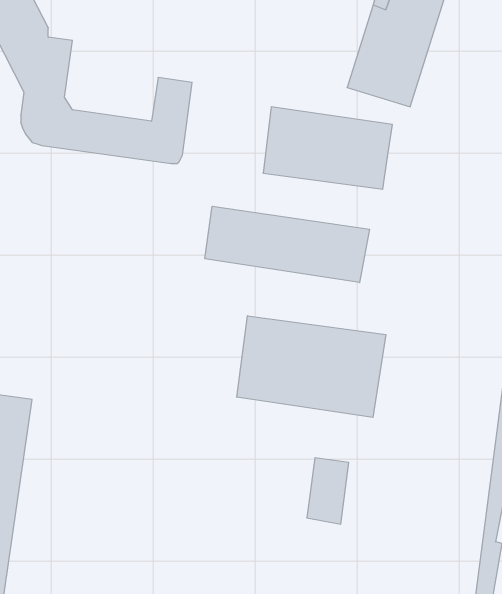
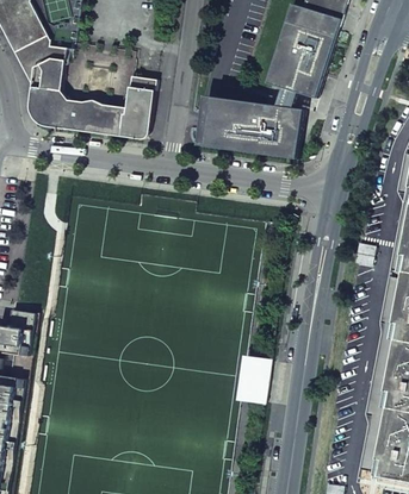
building: [205,206,370,283] -> none
building: [237,316,386,417] -> none

